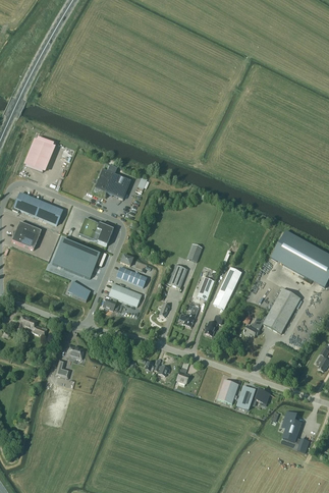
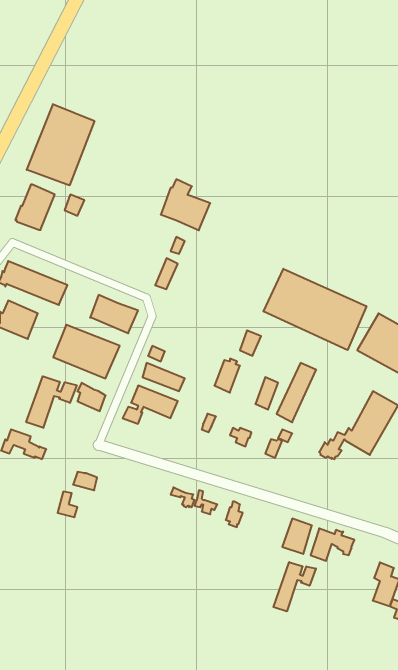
building: none -> [27,104,94,185]
building: [95,163,130,200] -> [161,179,210,230]
building: none -> [263,269,366,350]
building: none -> [26,376,77,428]
building: none -> [273,562,316,611]

